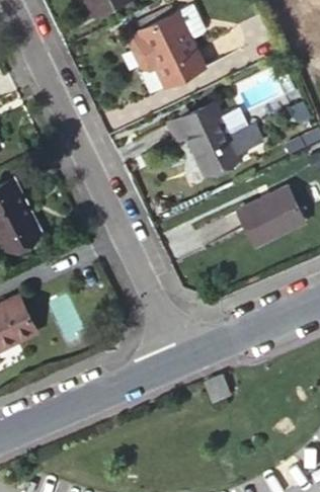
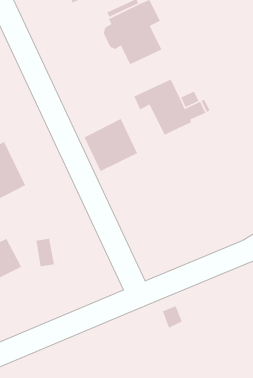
building: none -> [84,118,138,172]
building: [238,186,304,244] -> none

